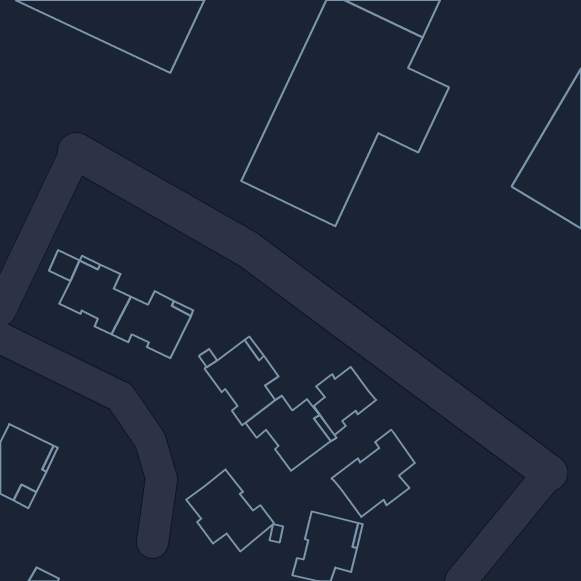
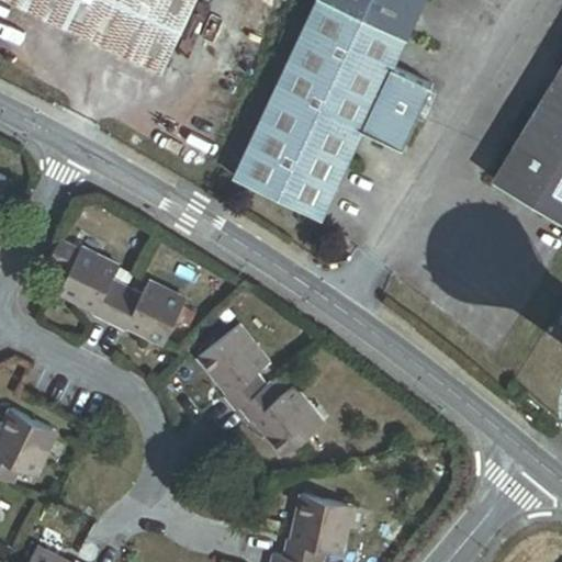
building: [314,367,376,435] -> none
building: [332,430,415,517] -> none
building: [186,469,274,551] -> none

